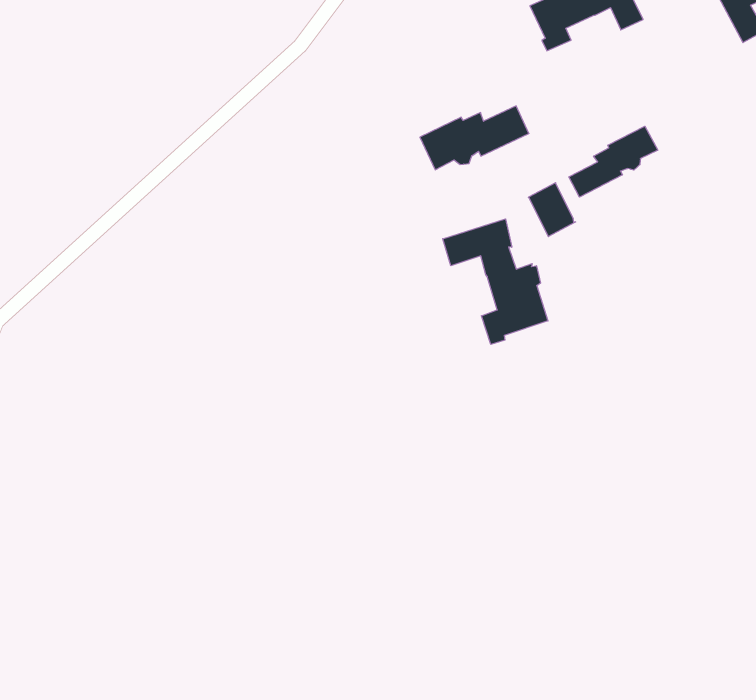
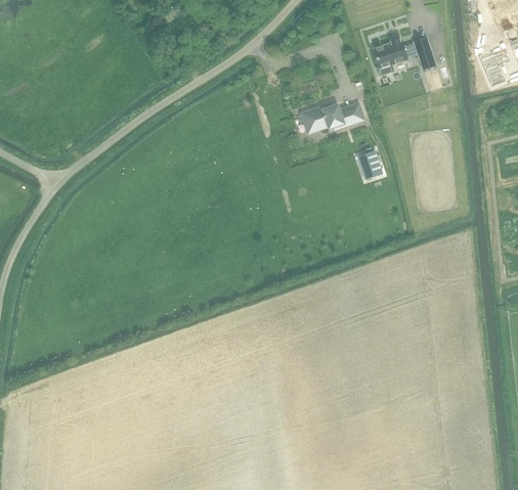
building: [569,126,658,197] -> none
building: [443,219,548,344] -> none

